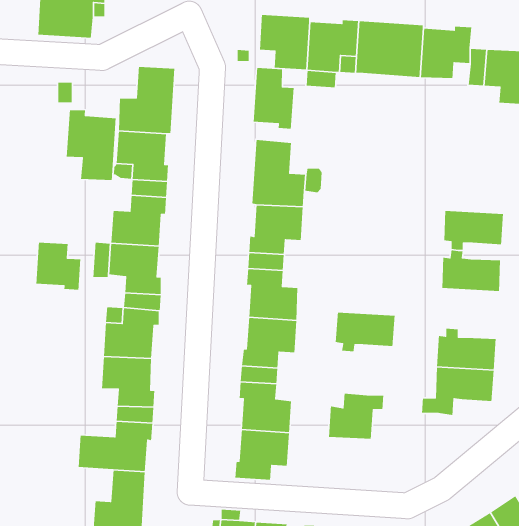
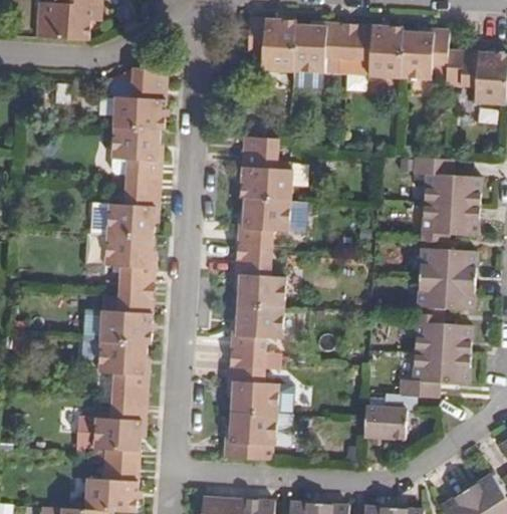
building: [253,67,295,129] -> none
building: [66,109,116,181] -> none
building: none -> [413,158,481,207]
building: [36,242,81,290] -> none
building: [335,312,395,352] -> [418,278,475,316]
building: [328,393,384,439] -> [363,395,417,439]

